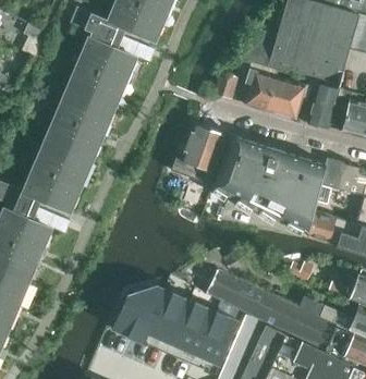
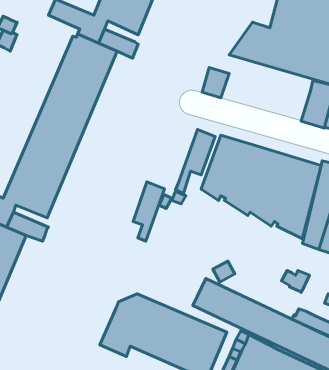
building: [244,69,310,120] -> none
building: [181,123,210,179] -> [133,182,164,241]

